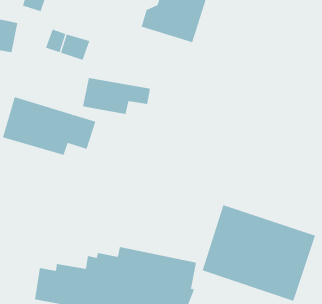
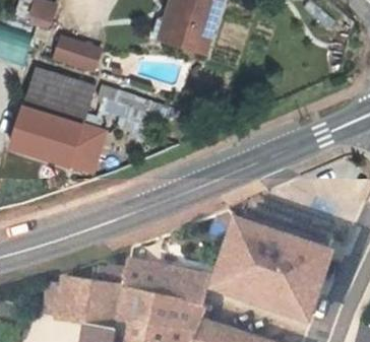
building: none -> [23,69,96,126]

